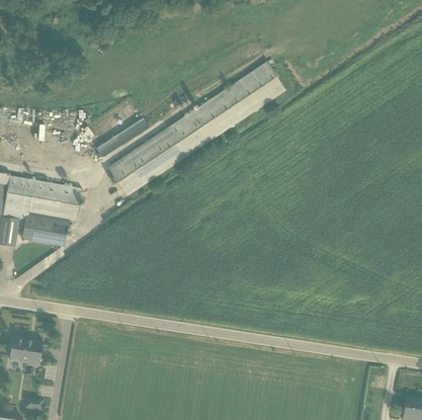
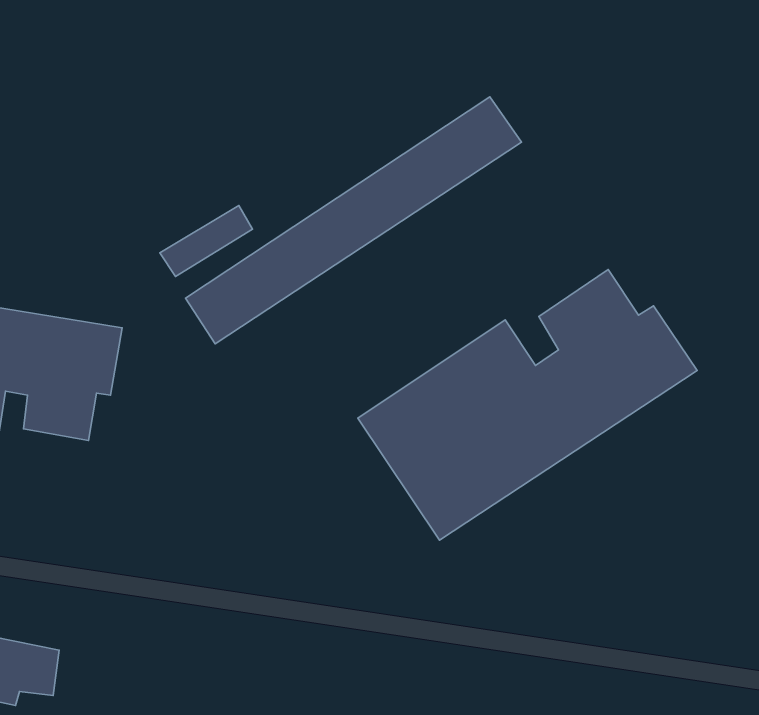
building: none -> [358,269,697,540]

